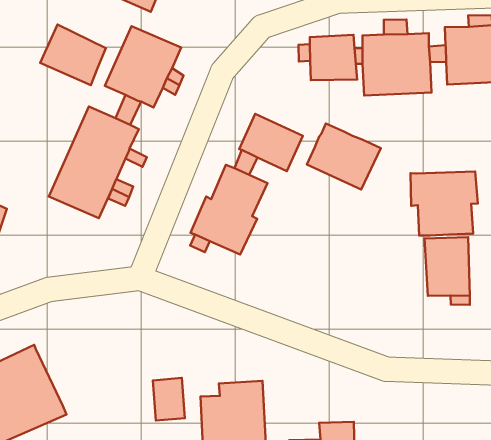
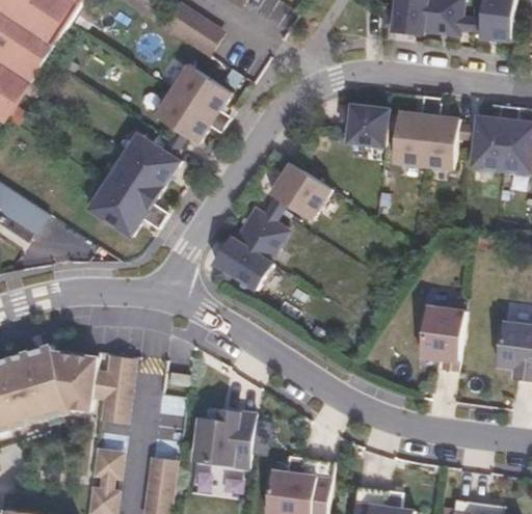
building: [40,25,106,85] -> none
building: [307,124,381,190] -> none
building: [410,171,478,235] -> none
building: none -> [98,354,138,425]
building: none -> [53,348,101,409]

